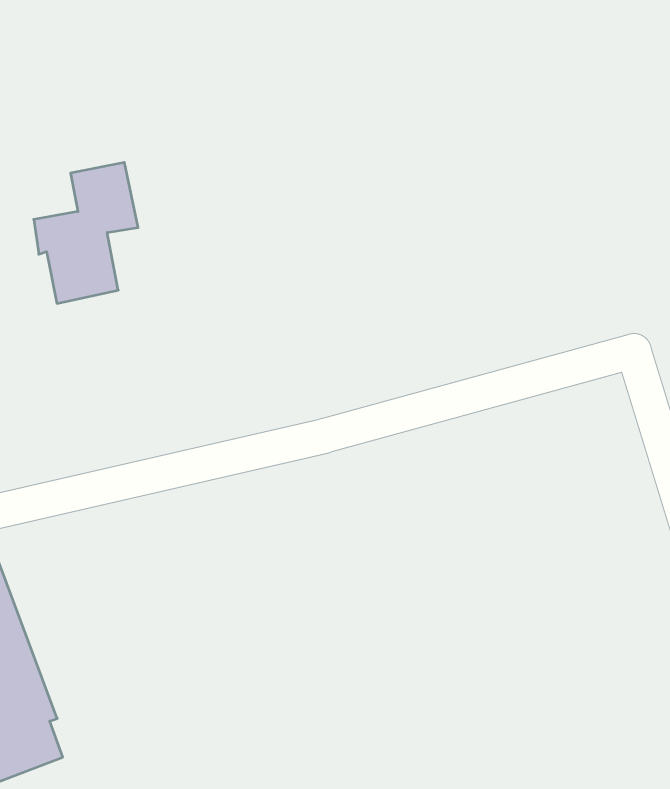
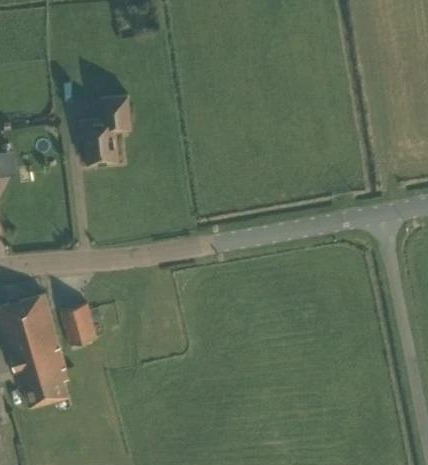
building: none -> [60,305,98,348]

